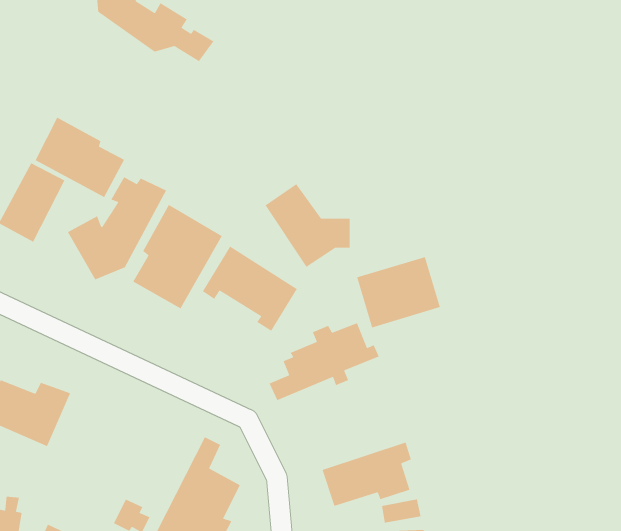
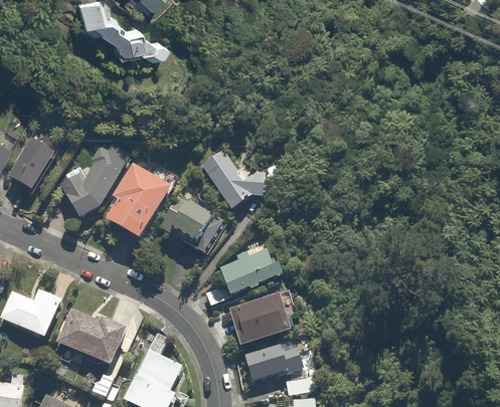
building: [35,117,125,198] -> none
building: [356,256,441,328] -> [228,294,290,347]
building: none -> [54,309,126,366]

